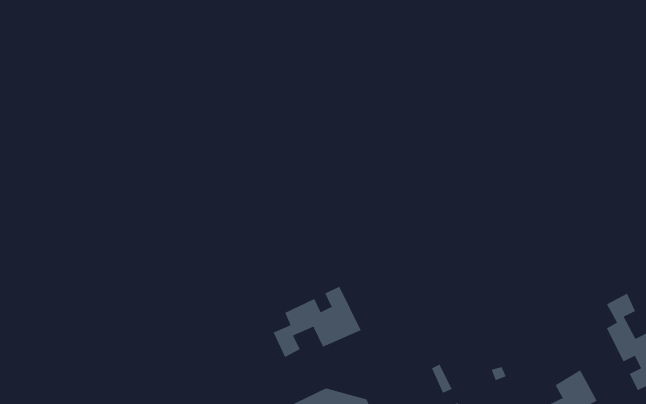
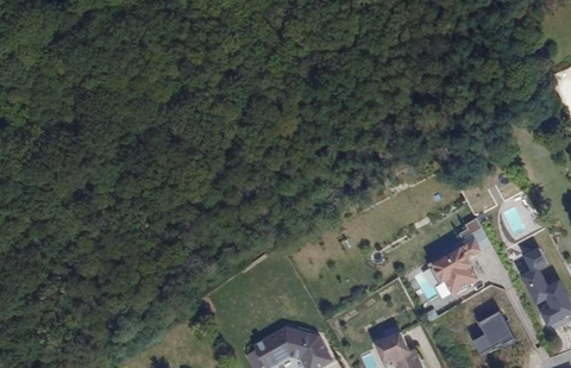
building: none -> [426,238,477,293]
building: [273,286,362,358] -> none

